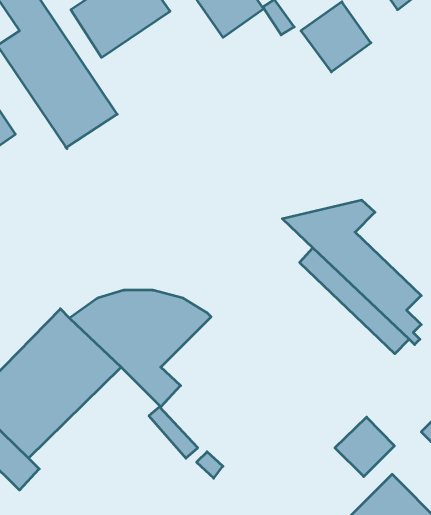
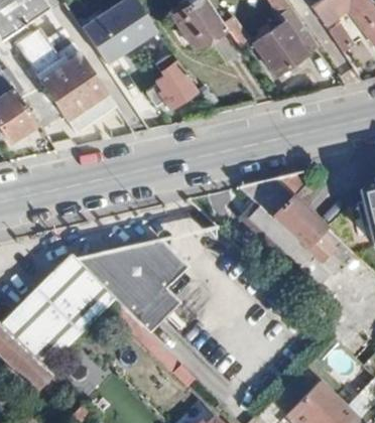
building: none -> [149,53,196,105]
building: [335,417,394,477] -> none

